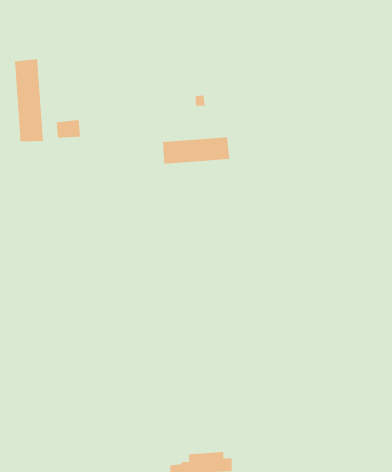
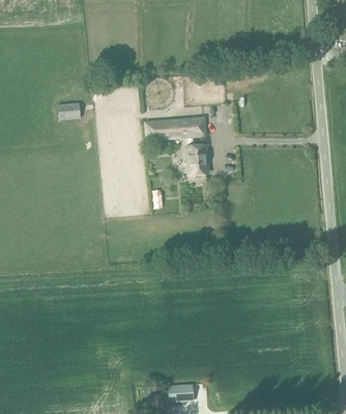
building: [14,59,43,142] -> none
building: none -> [186,140,204,171]

